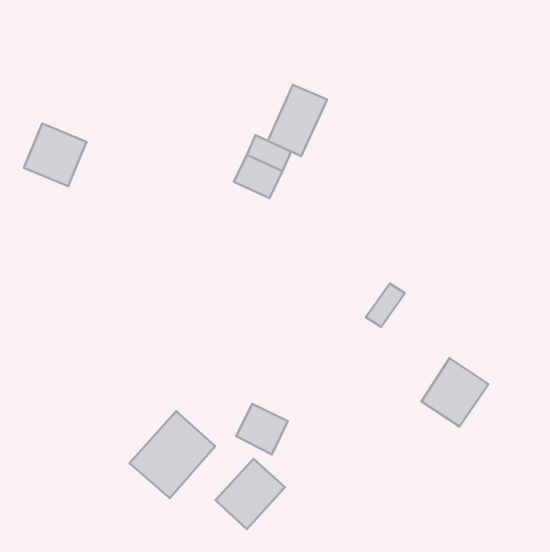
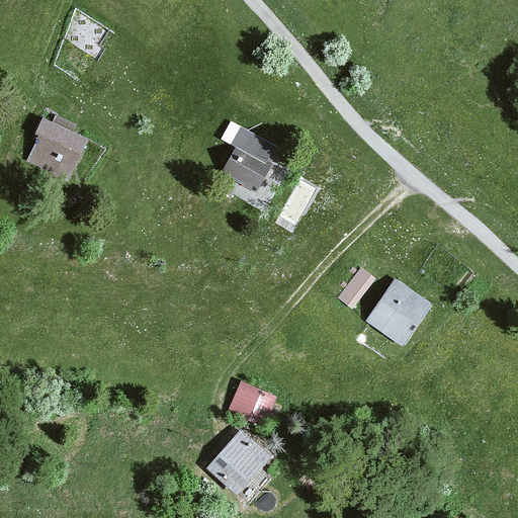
building: [268,85,327,156] -> none
building: [421,358,489,426] -> [368,279,431,343]
building: [129,411,215,498] -> none

